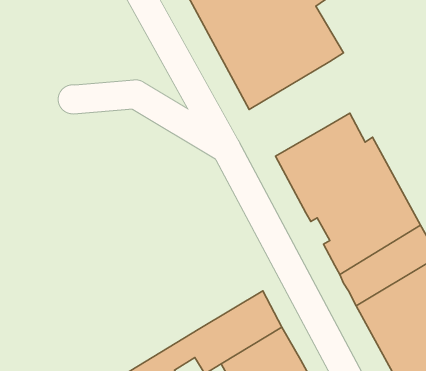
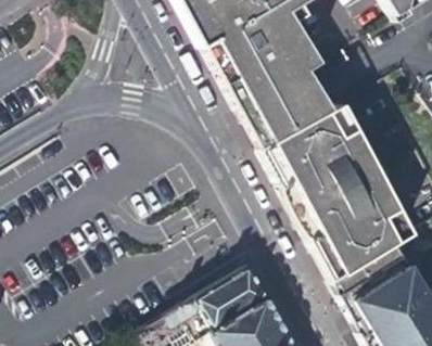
building: none -> [242,68,336,150]

